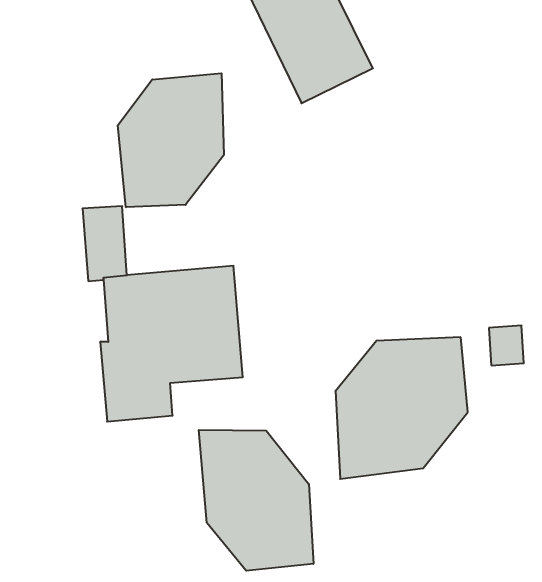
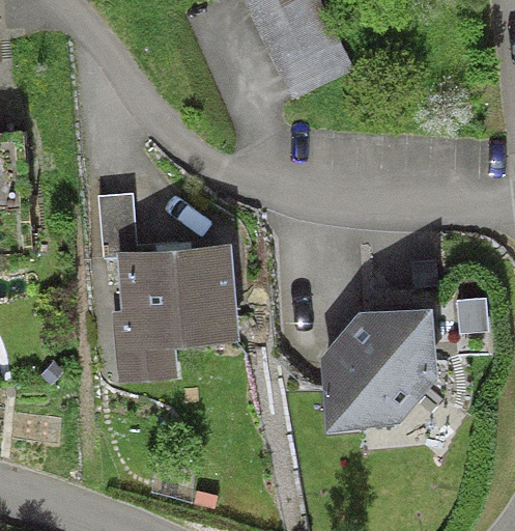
building: [118,73,224,207] -> none
building: [199,430,313,571] -> none

